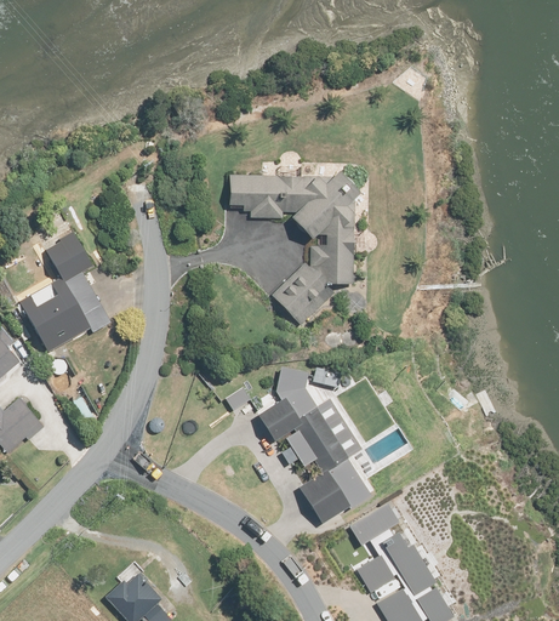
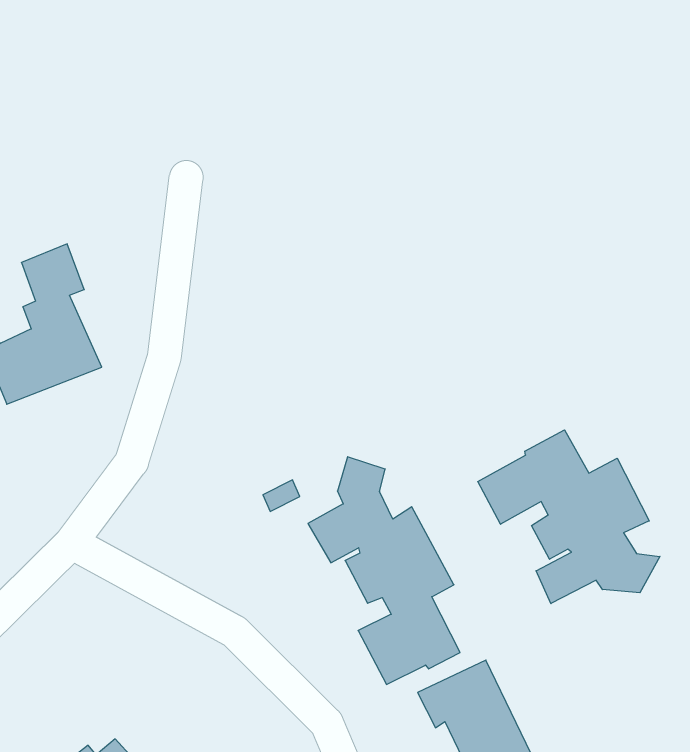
building: [229,176,360,327] -> none
building: none -> [478,430,660,604]

